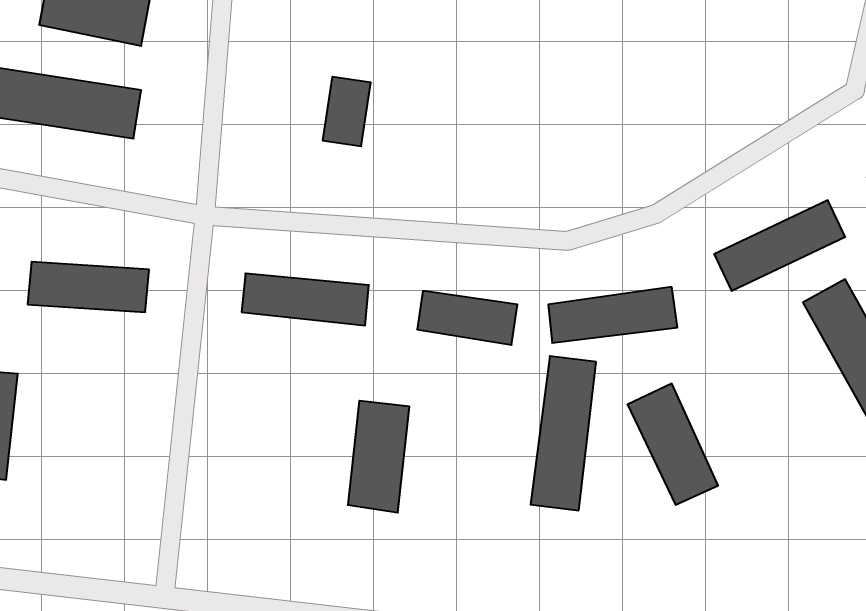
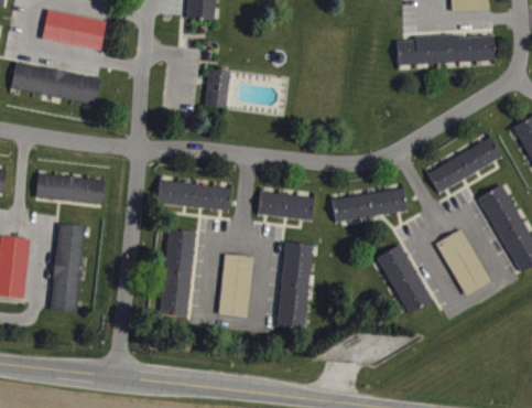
building: none -> [398,34,495,64]
building: none -> [51,224,85,312]
building: [531,356,596,510] -> [275,241,313,330]
building: none -> [161,229,194,316]
building: none -> [437,229,489,296]

